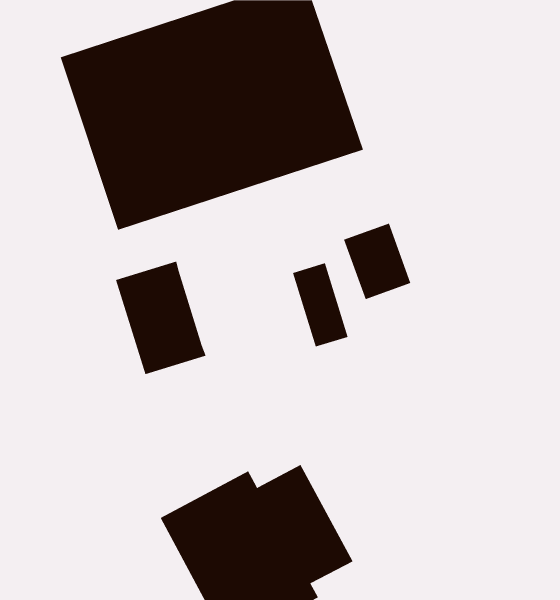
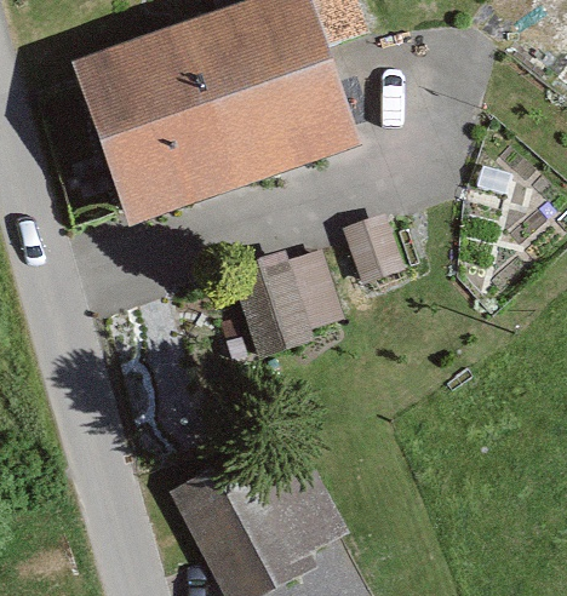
building: [115,261,206,375] -> [231,252,317,360]

